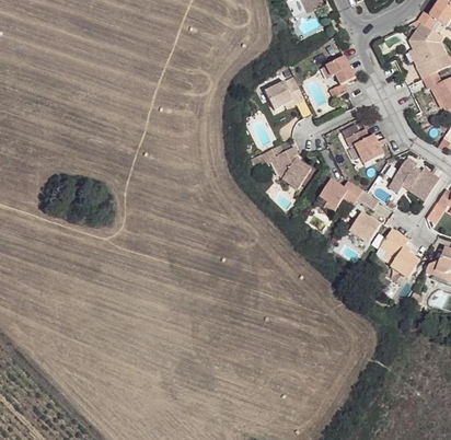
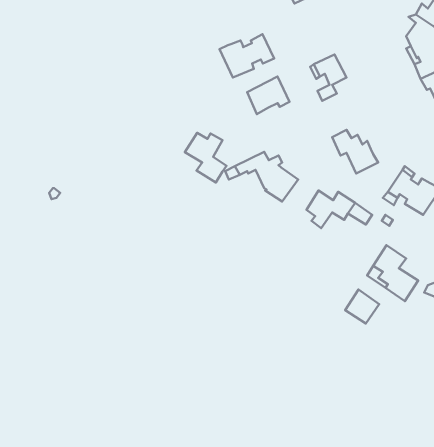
building: none -> [219,34,274,78]
building: none -> [185,133,227,183]
building: [349,211,380,242] -> [345,289,379,323]

